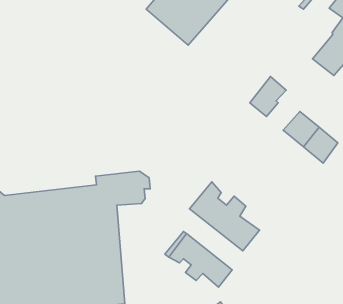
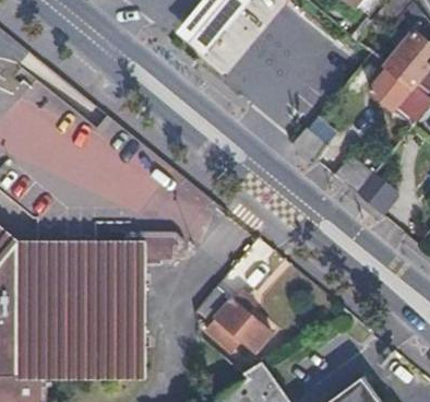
building: [189,182,260,251] -> none

